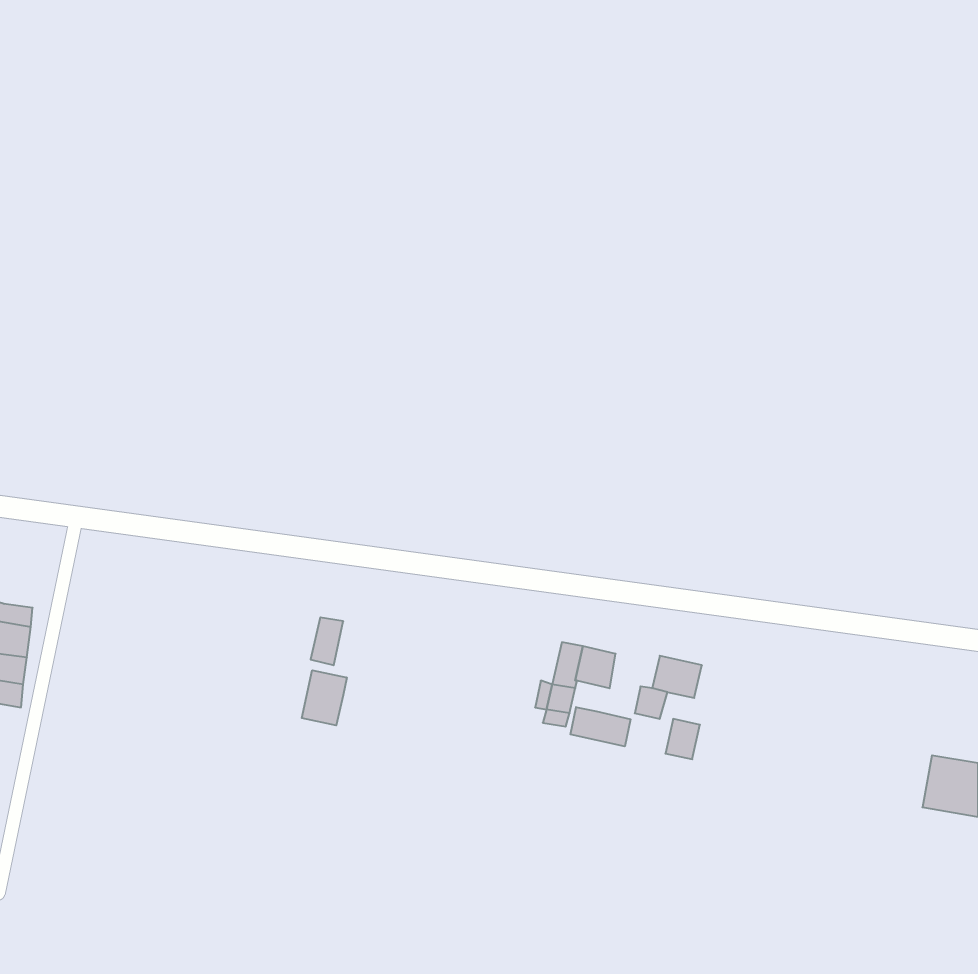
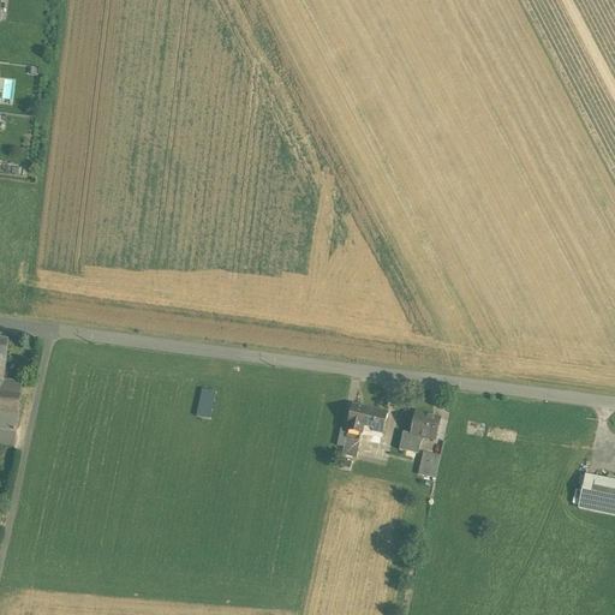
building: [302,670,347,725] -> none
building: [570,707,631,746] -> none

